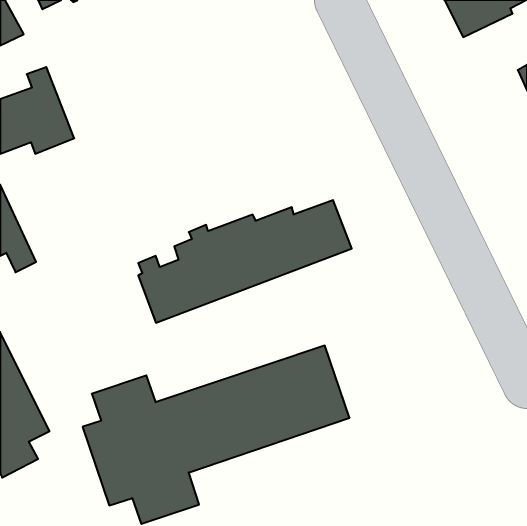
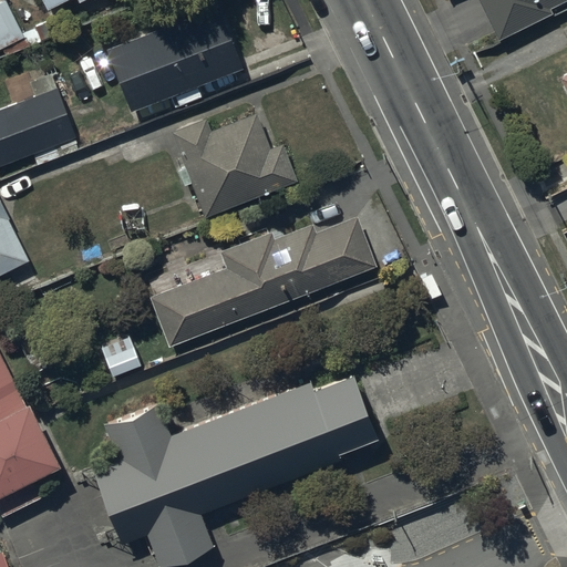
building: none -> [106,7,243,113]
building: none -> [171,113,297,218]

